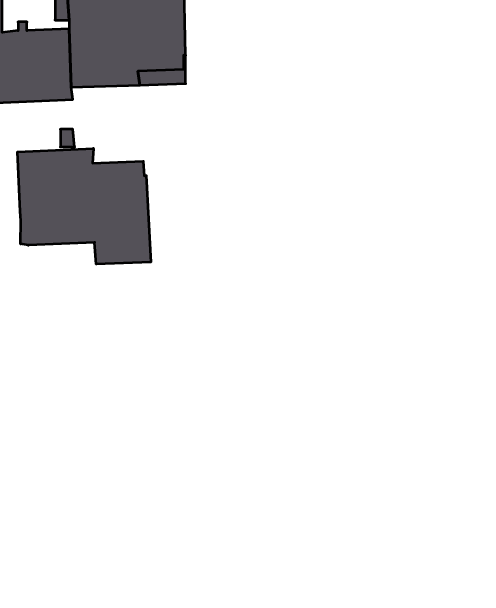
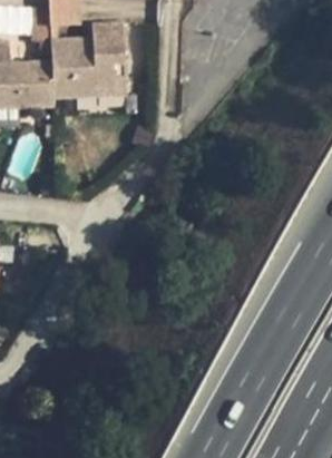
building: [18,148,151,264] -> none

